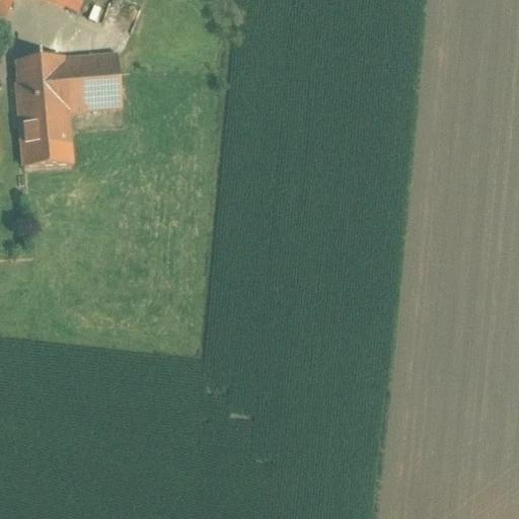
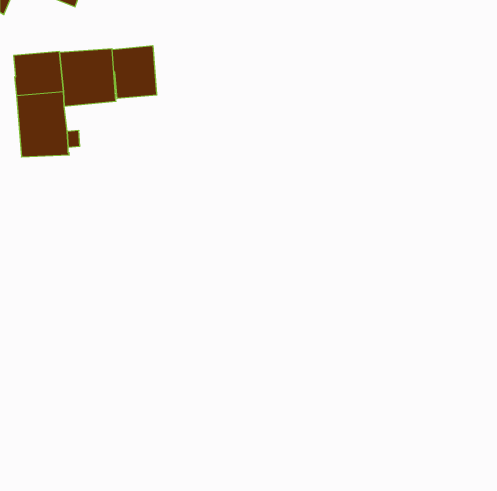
building: none -> [112,46,157,99]

